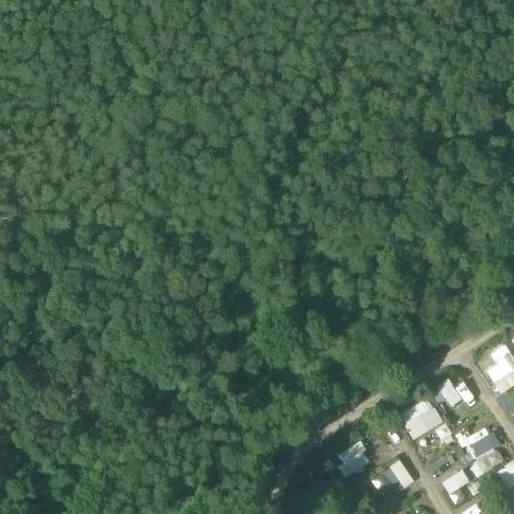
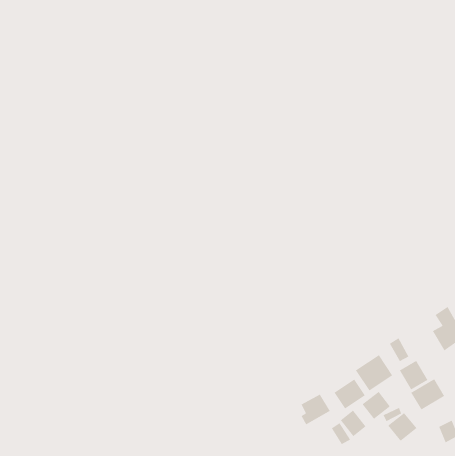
building: none -> [399,360,429,391]
building: none -> [333,378,366,410]
building: none -> [362,391,391,420]

